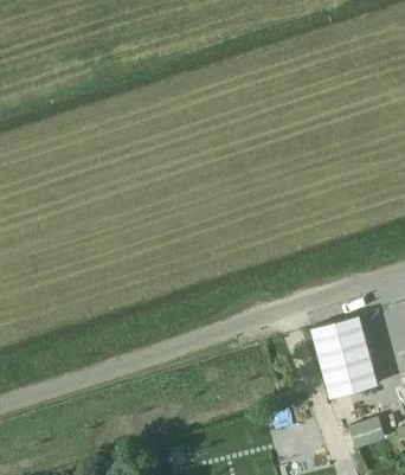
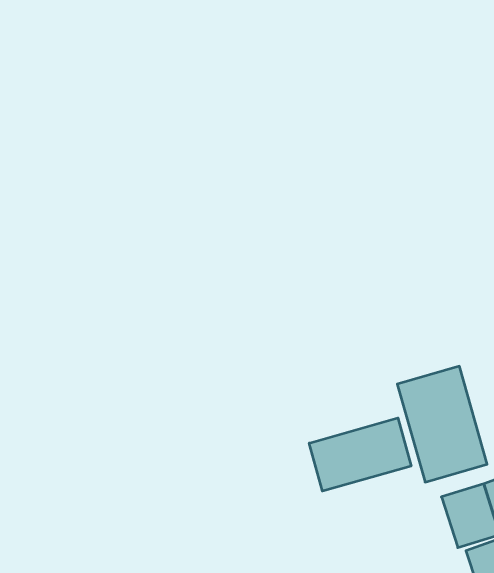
building: none -> [309,418,411,491]

